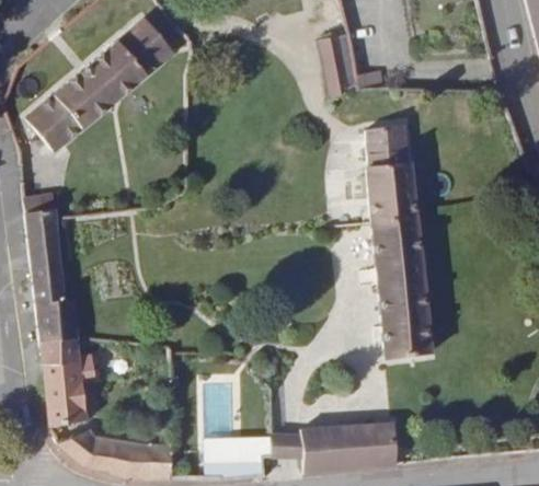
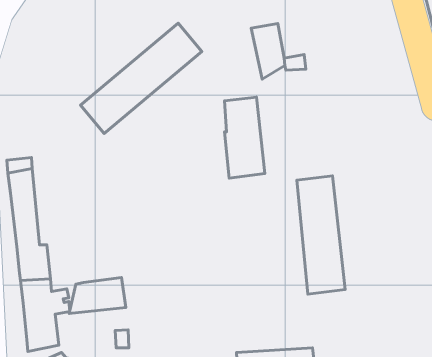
building: [27,19,173,151] -> [80,23,202,134]
building: [368,125,416,222] -> [225,97,265,178]
building: none -> [69,278,126,313]

